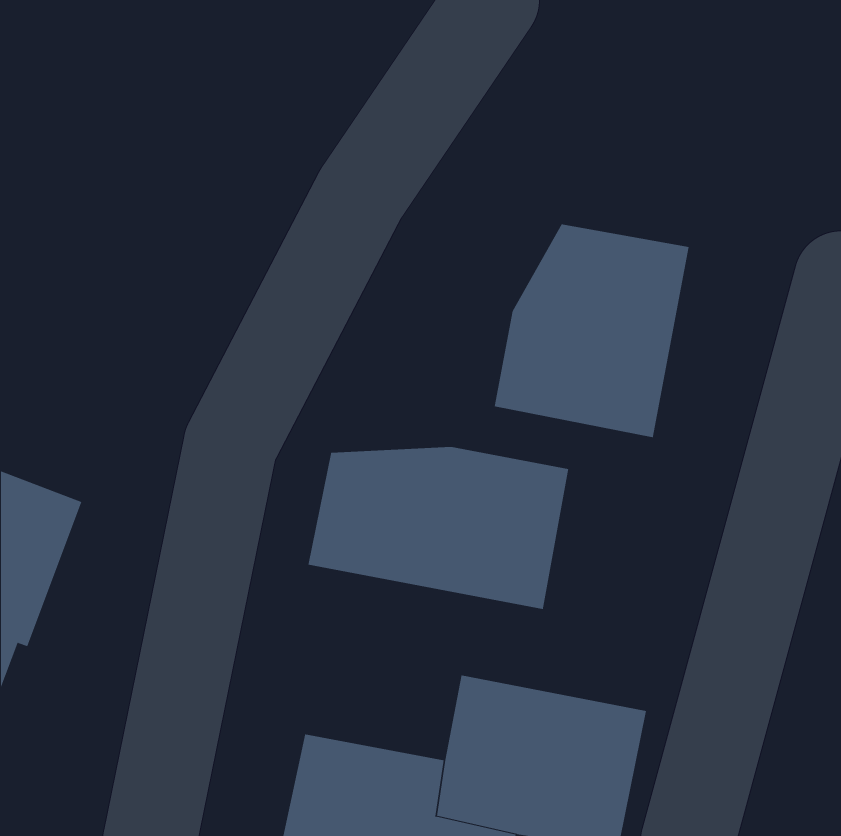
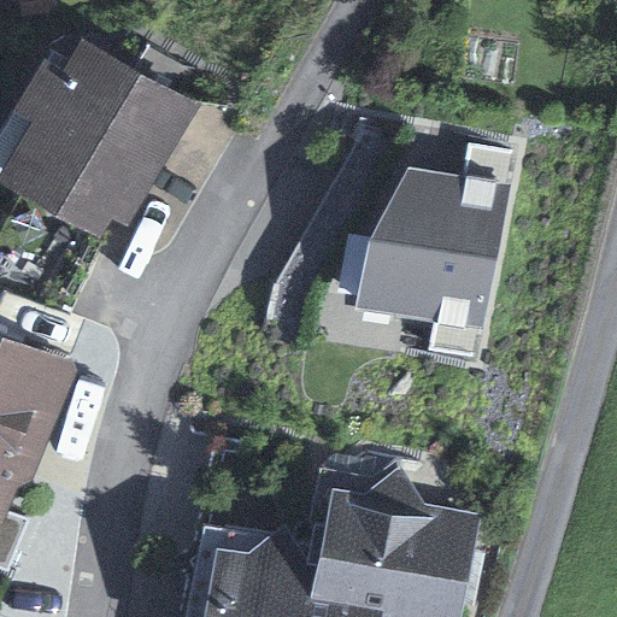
building: none -> [6,39,192,225]
building: [308,446,569,610] -> none

